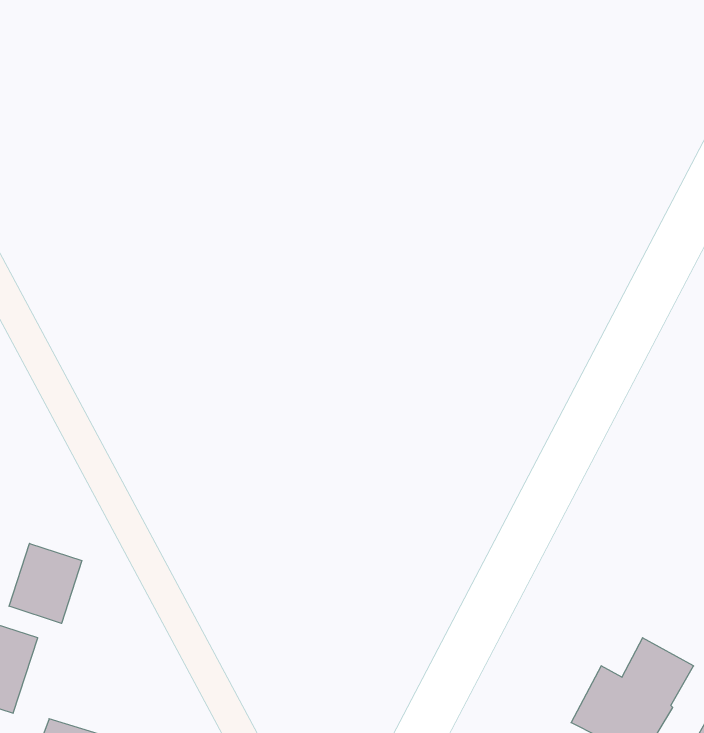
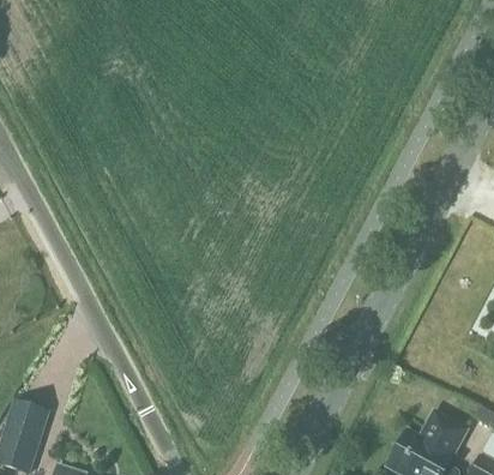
building: [9,543,82,623] -> none

